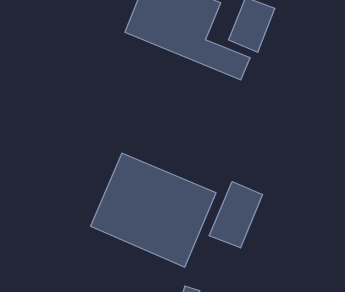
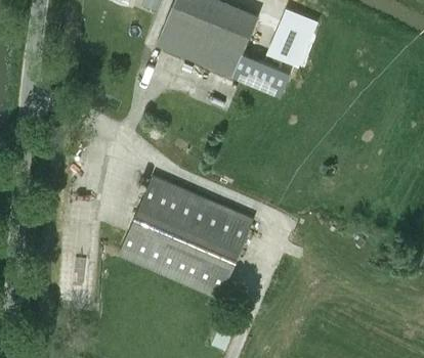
building: [209,182,263,248] -> none

